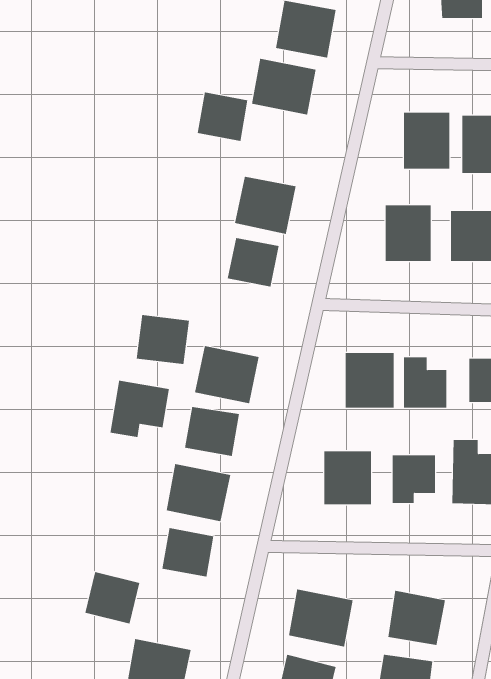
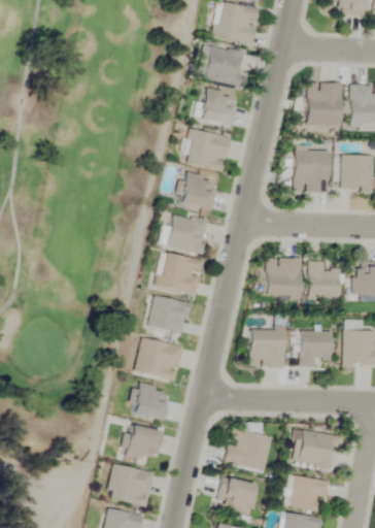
building: [197,92,248,142] -> [201,90,238,126]
building: [136,315,190,364] -> [168,216,207,252]
building: [110,380,169,438] -> none
building: [85,572,140,624] -> [125,425,165,463]

